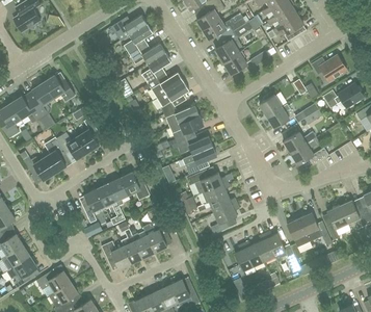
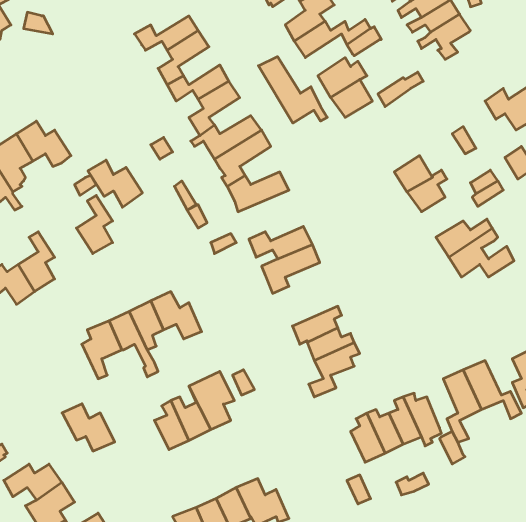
building: none -> [258,57,327,123]
building: [170,114,204,142] -> none
building: [56,132,87,159] -> [88,160,142,207]
building: [189,171,228,193] -> none
building: [101,241,131,268] -> [62,404,115,451]

